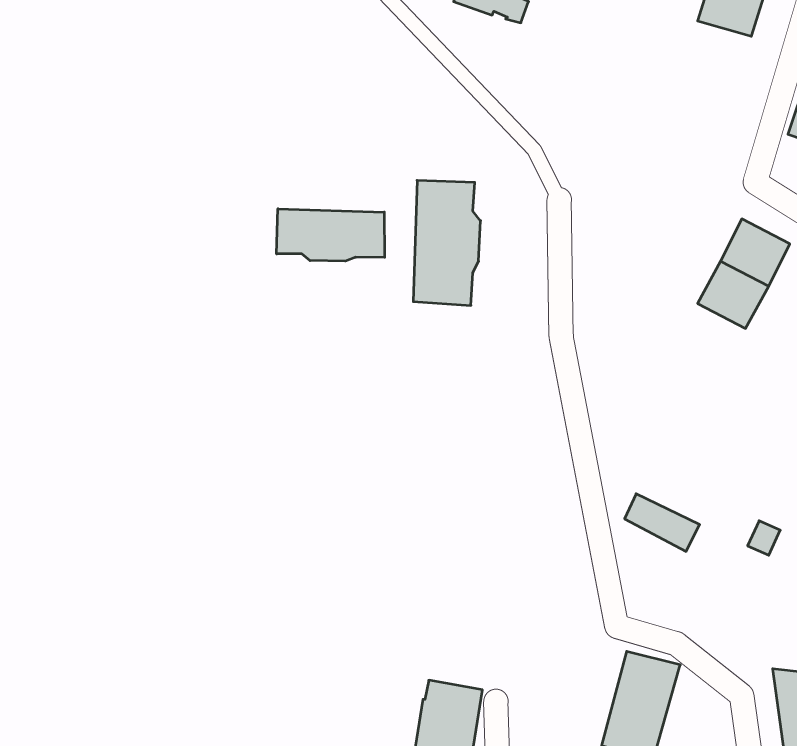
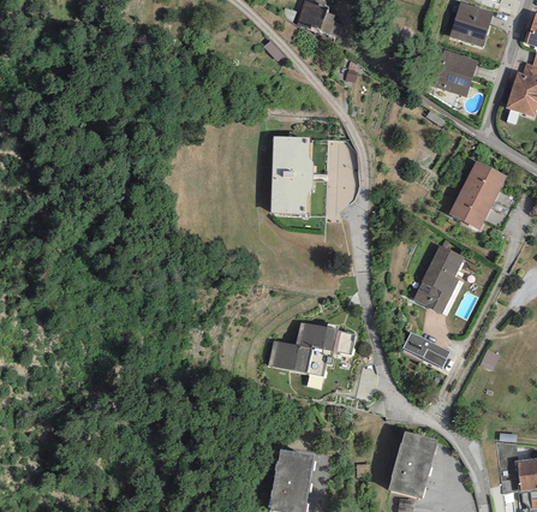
building: none -> [430,48,478,97]
building: [277,209,385,261] -> none
building: none -> [412,245,464,314]
building: none -> [268,321,354,376]

